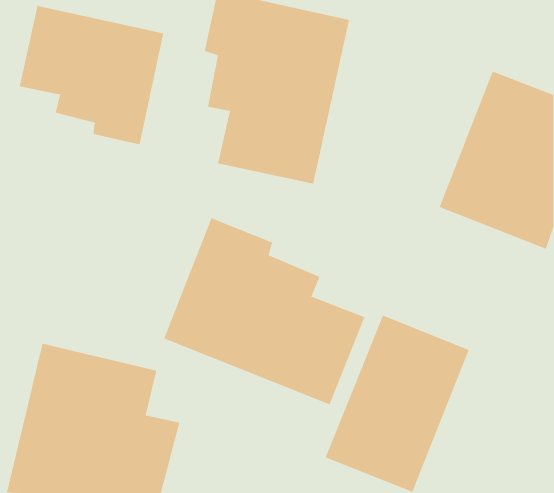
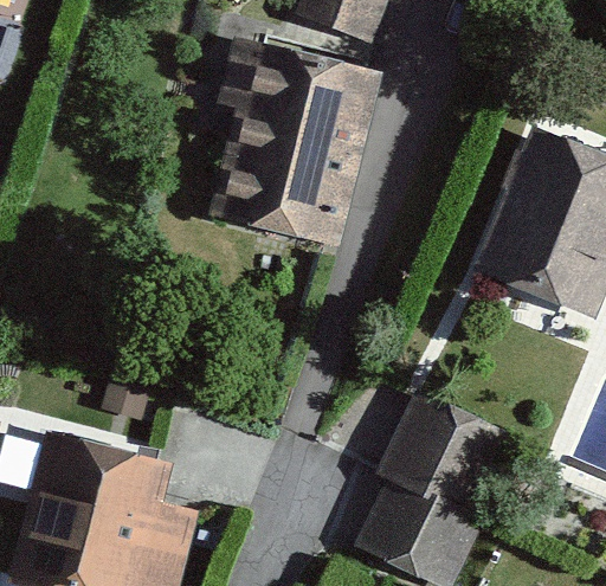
building: [19,5,164,145] -> none
building: [163,217,365,405] -> none

